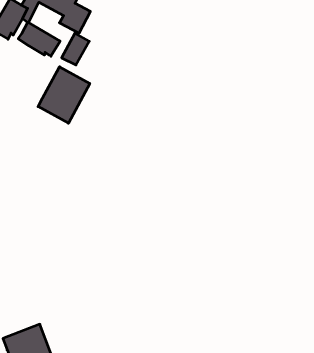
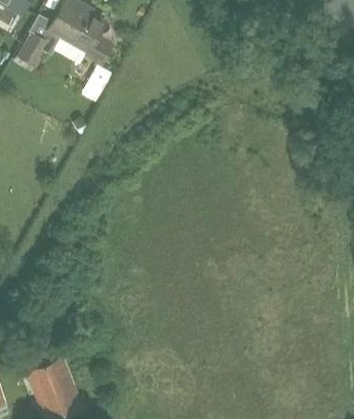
building: [18,22,60,56] -> none
building: [38,67,90,123] -> none

